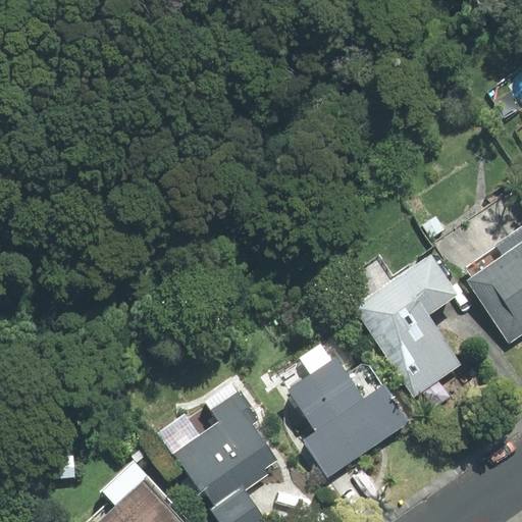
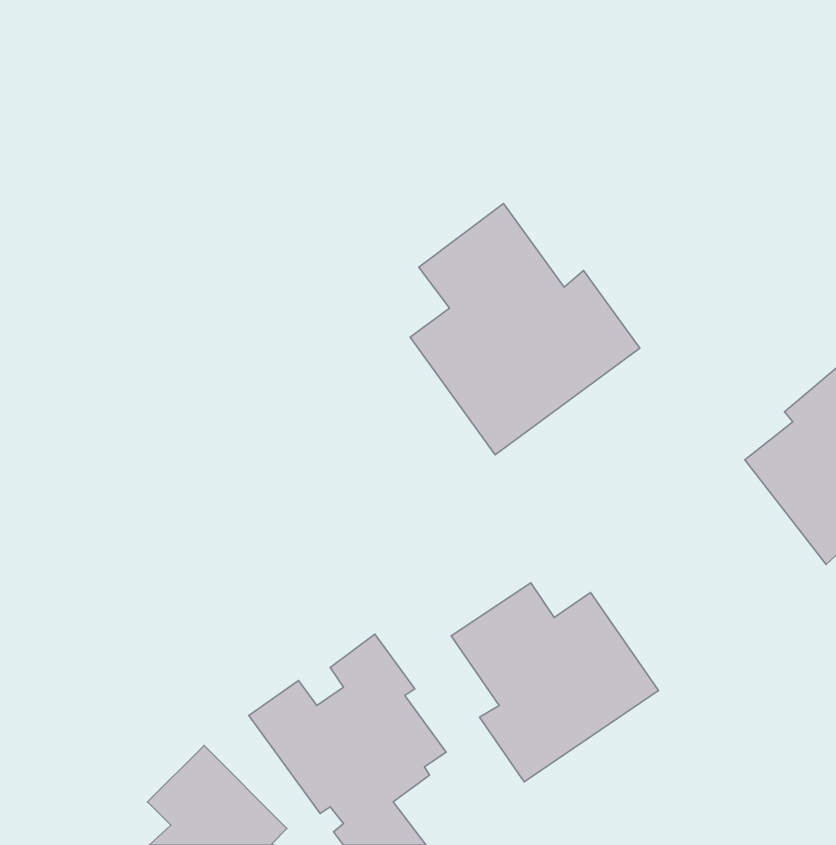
building: none -> [410,204,640,455]
building: [351,254,462,399] -> none

